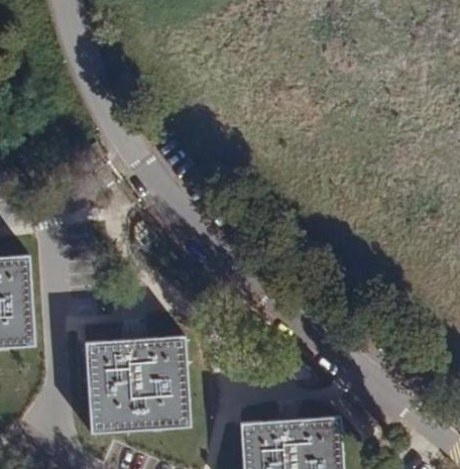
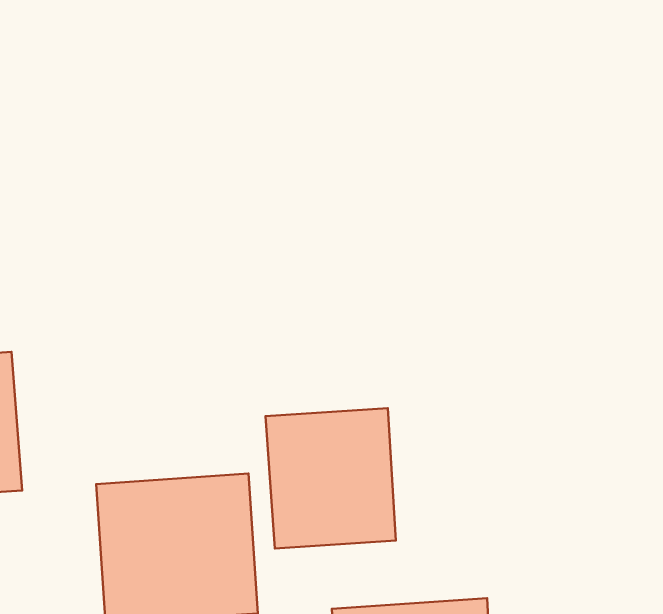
building: none -> [266,408,396,549]

